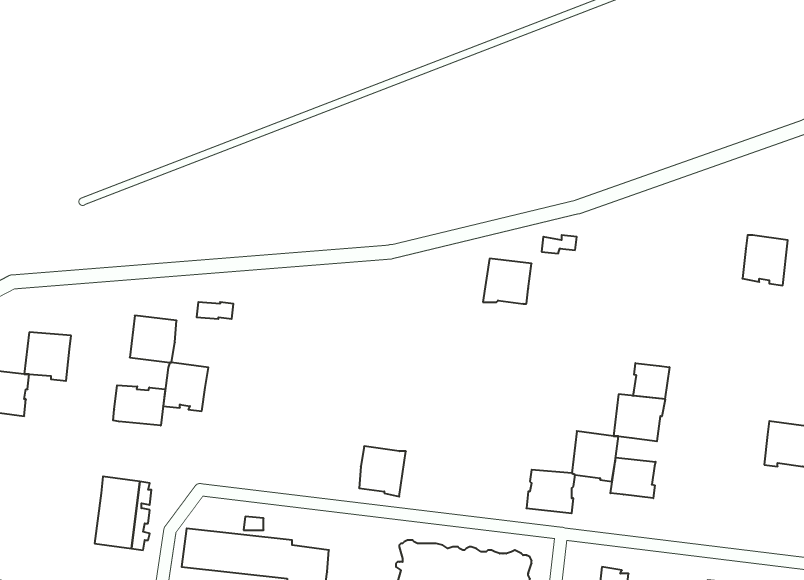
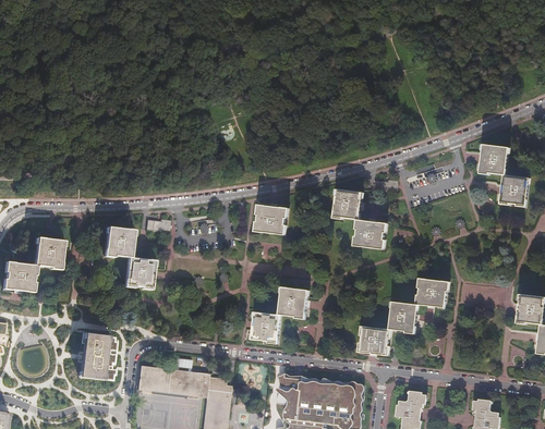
building: none -> [480,145,510,175]
building: none -> [252,206,287,235]
building: none -> [353,220,387,250]
building: [633,363,669,399] -> none
building: [113,385,165,426] -> none
building: none -> [277,289,306,320]
building: [610,458,656,498] -> none

